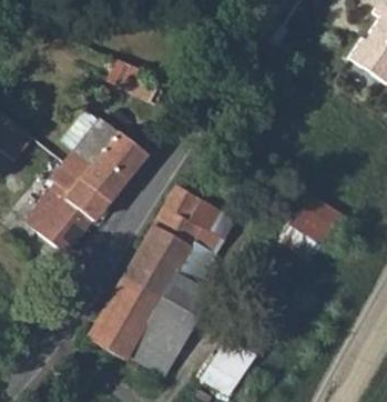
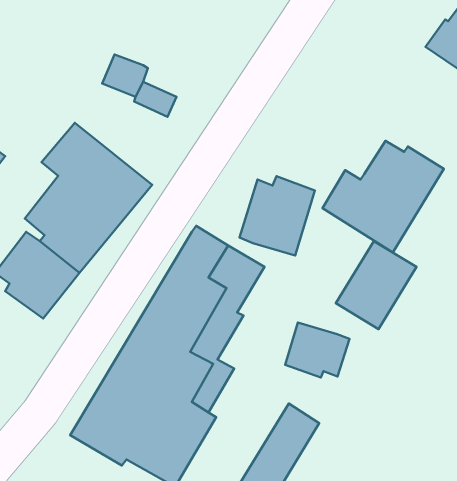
building: none -> [322,141,444,253]
building: none -> [240,176,315,256]
building: none -> [285,323,349,377]

